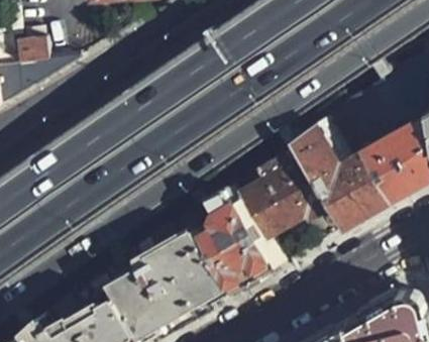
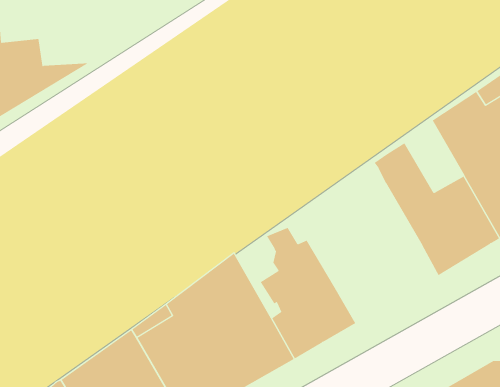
building: [240,153,333,239] -> none

